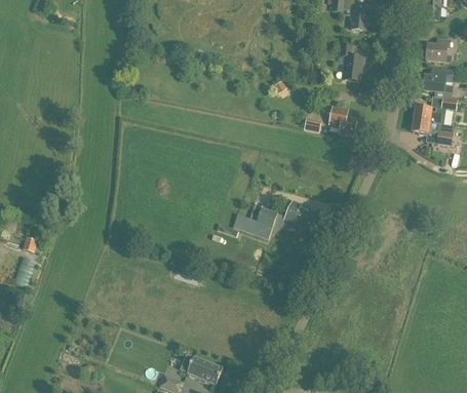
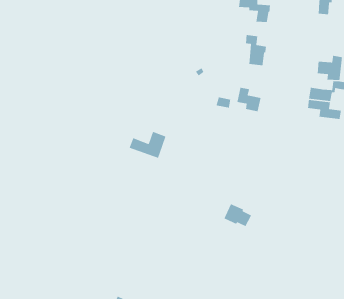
building: [425,36,451,62] -> none
building: [283,199,317,228] -> [224,203,252,227]
building: [232,205,277,238] -> [128,131,166,159]

